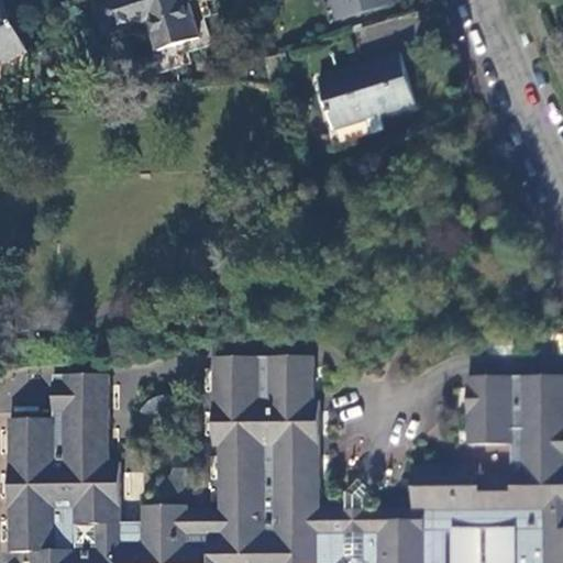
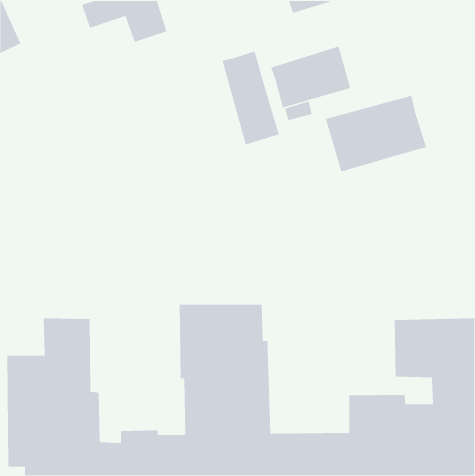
building: none -> [221,51,280,145]
building: none -> [325,95,427,172]

